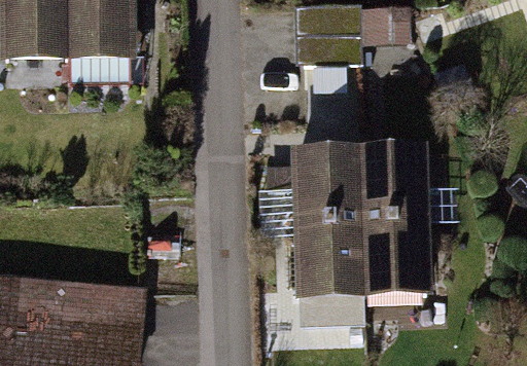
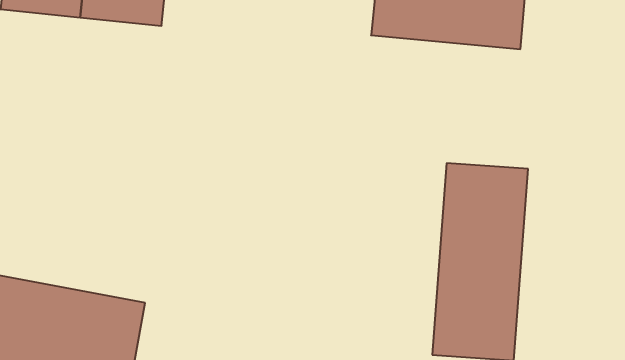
building: [297,154,364,306] -> none

